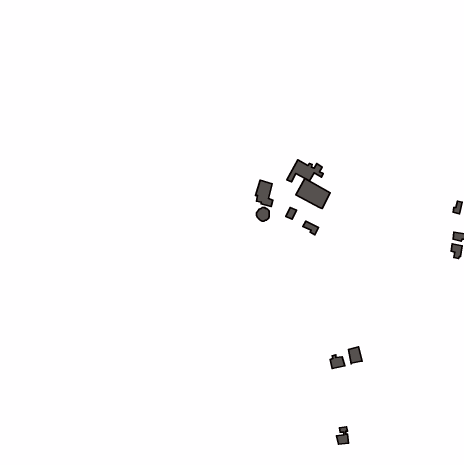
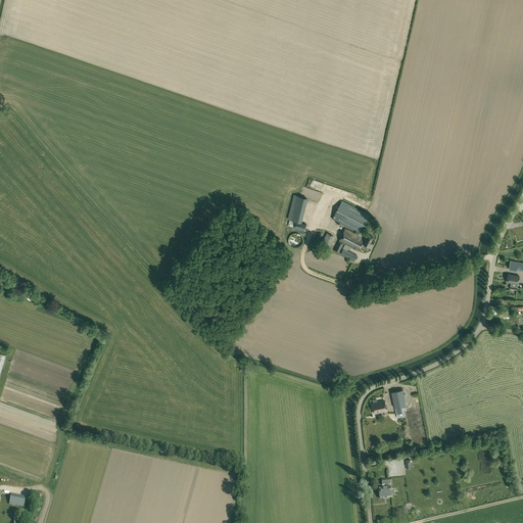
building: [287,160,323,182] -> [334,229,375,253]

